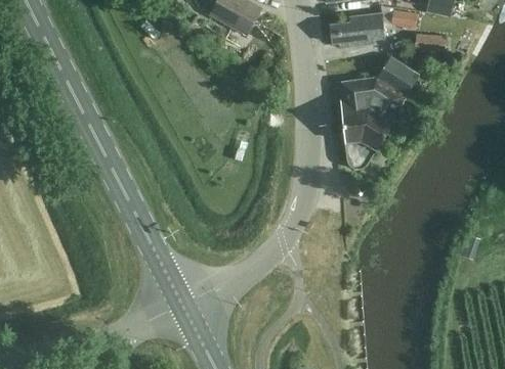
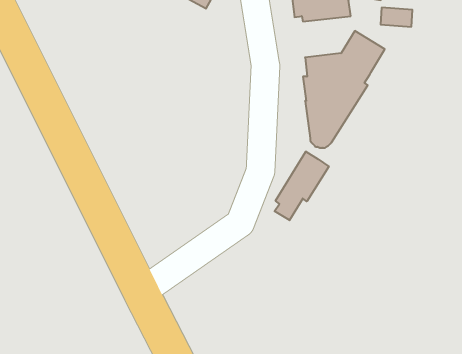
building: none -> [275,151,329,220]

